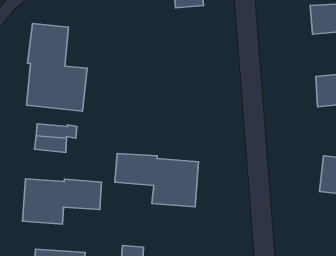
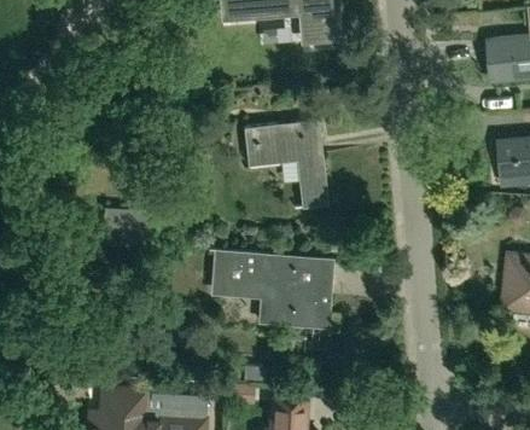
building: [26,24,87,111] -> none
building: none -> [244,120,328,208]
building: [22,179,102,224] -> none

